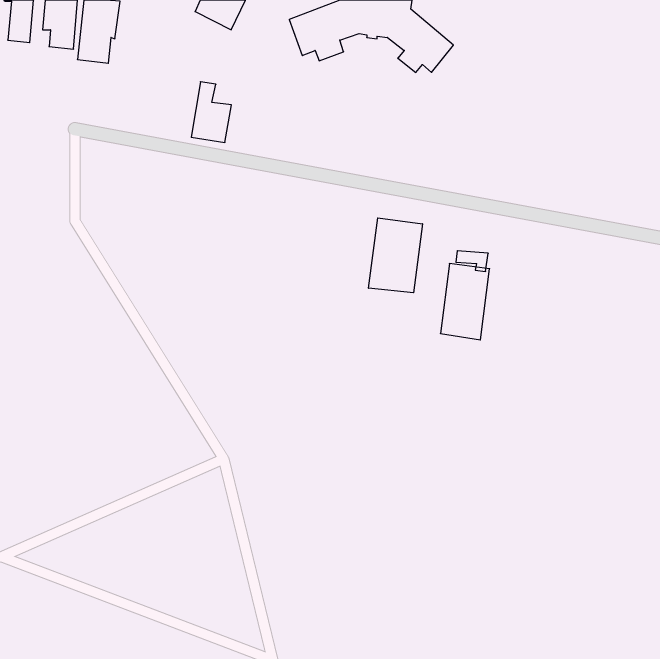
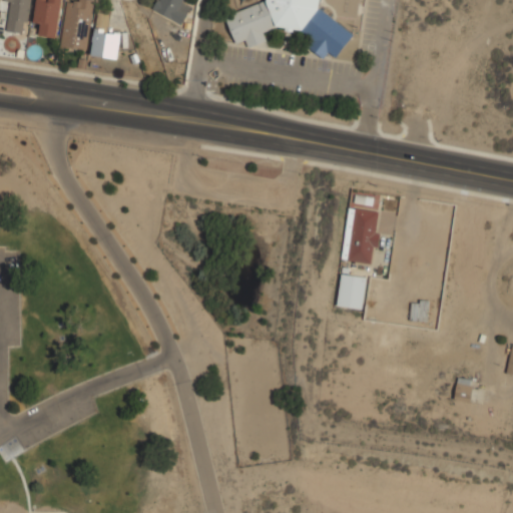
building: [191,82,231,142] -> [90,13,121,60]
building: [369,218,422,293] -> none
building: none -> [337,274,367,310]
building: none -> [454,377,474,402]

